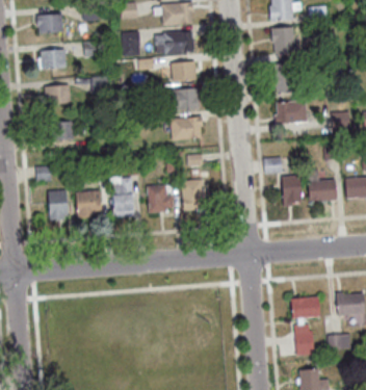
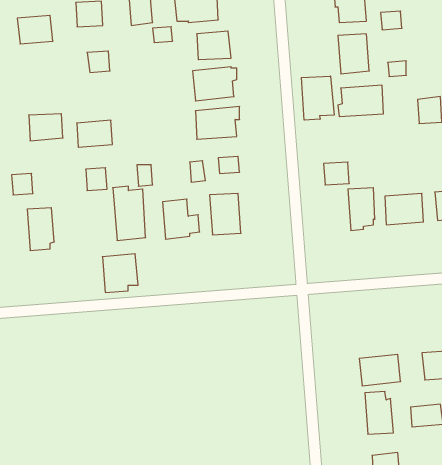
building: [45,85,71,105] -> [77,120,112,147]
building: none -> [301,76,334,120]
building: [76,189,102,217] -> [102,254,138,292]

